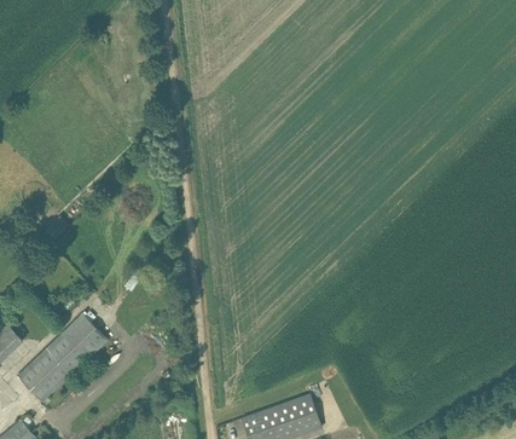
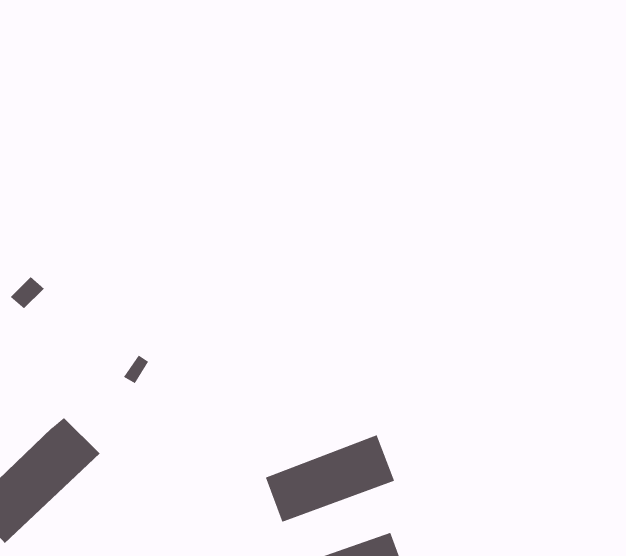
building: none -> [265,434,395,523]

